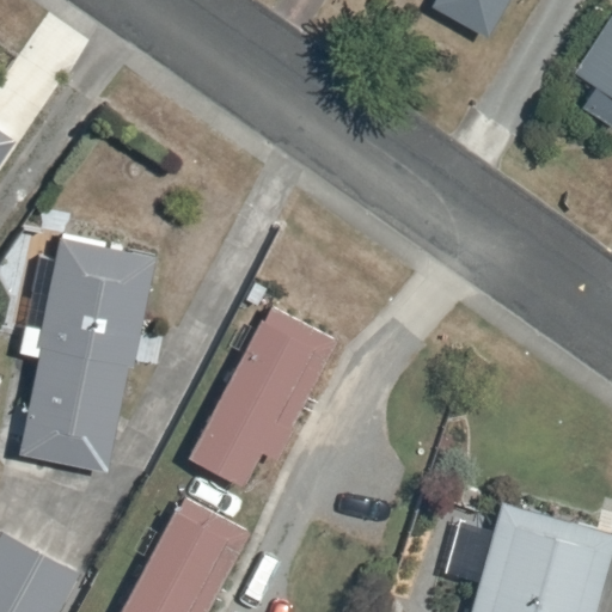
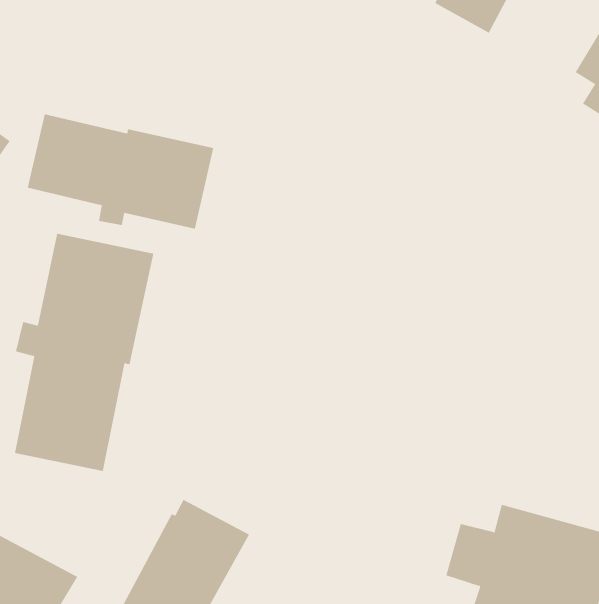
building: none -> [27,113,214,230]
building: [189,307,338,489] -> none

